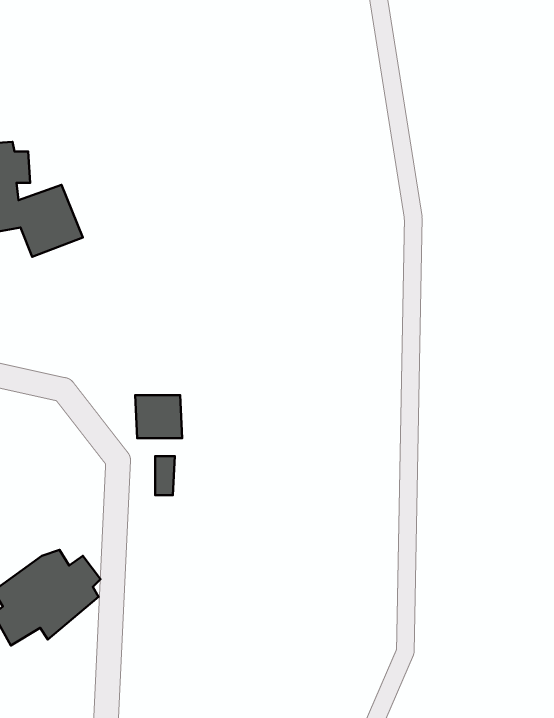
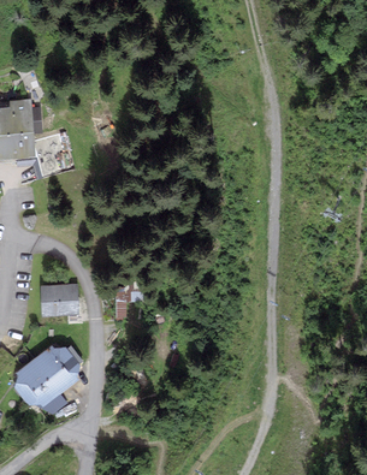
building: [135,395,182,438] -> [42,285,71,311]

